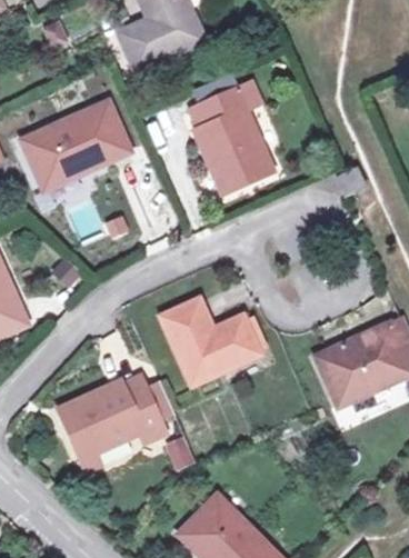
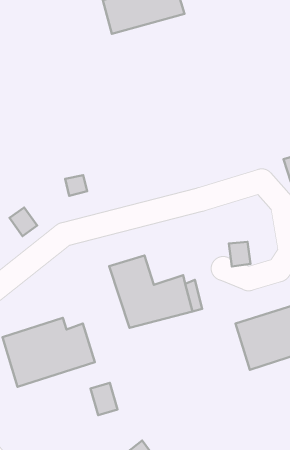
building: [198,86,270,187] -> none
building: [26,101,130,180] -> none

